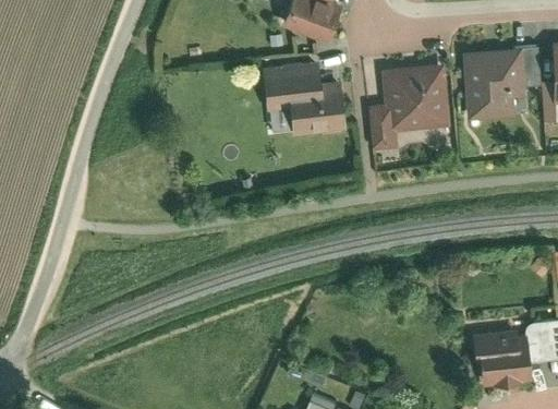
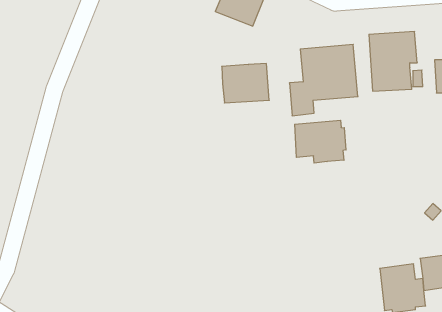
building: [512,48,539,92] -> none
building: [266,64,319,112] -> none
building: none -> [295,120,346,163]

